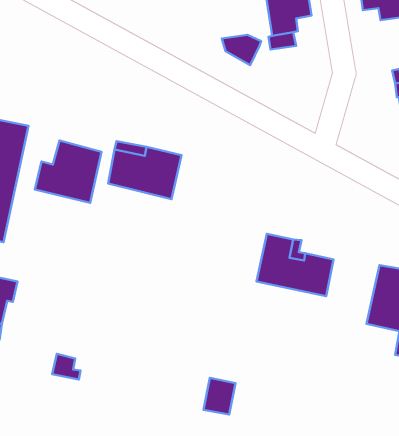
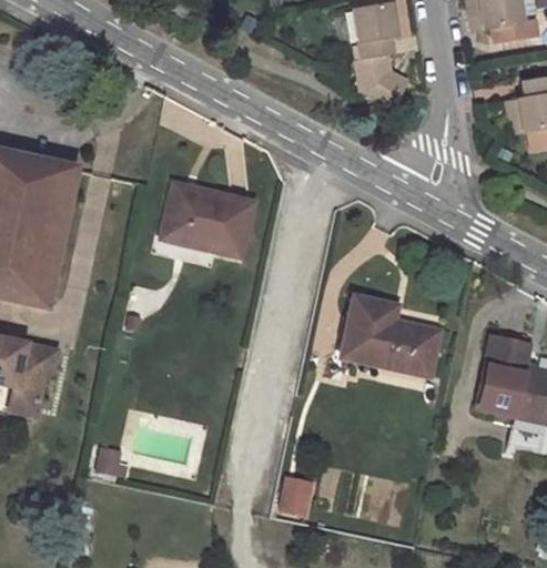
building: [222,35,261,65] -> [359,70,407,106]
building: [35,141,101,203] -> none

